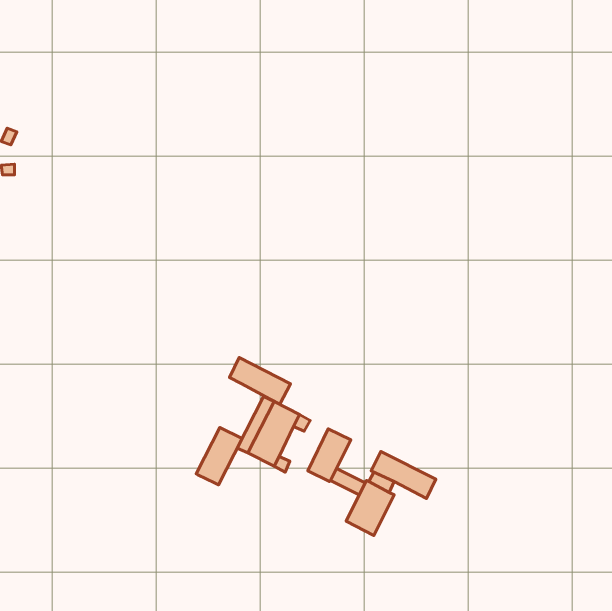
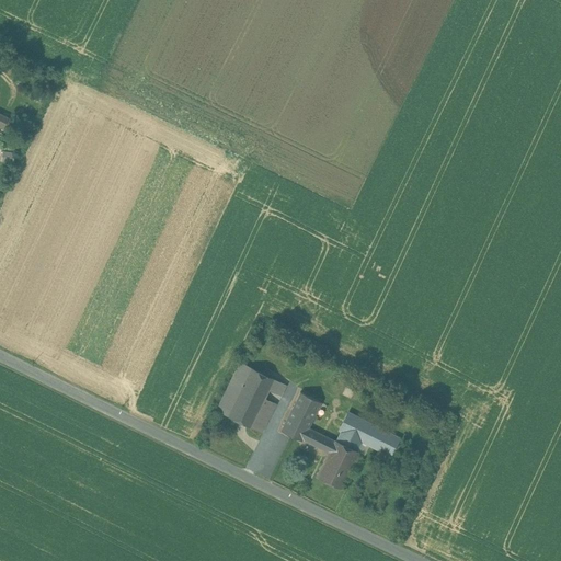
building: [229,358,290,404] -> none
building: [196,428,242,485] -> none

